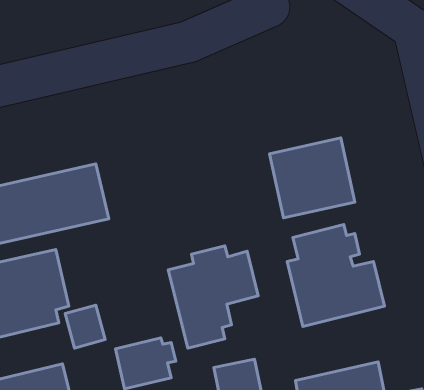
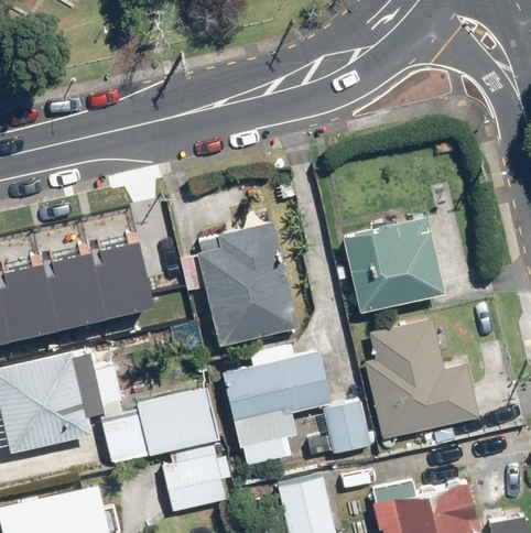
building: none -> [194,220,300,345]
building: none -> [134,387,220,455]
building: none -> [322,398,377,455]

